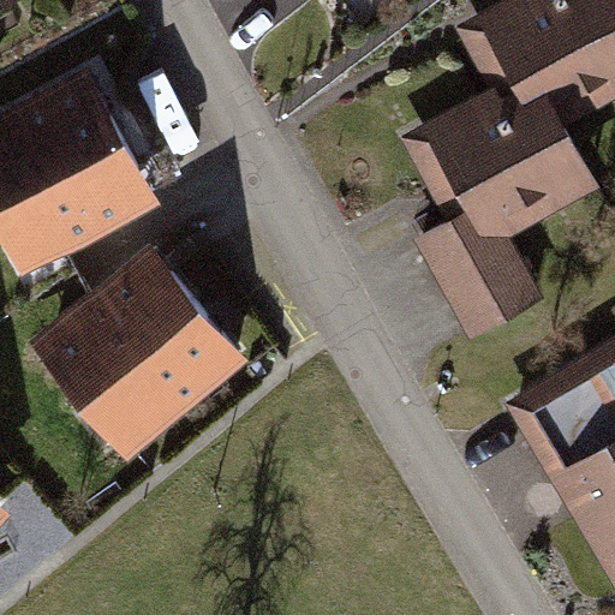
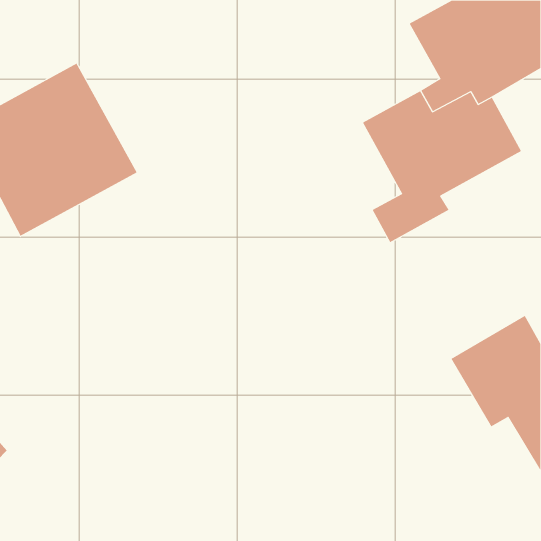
building: [440,240,538,334] -> none
building: [38,251,245,455] -> none

